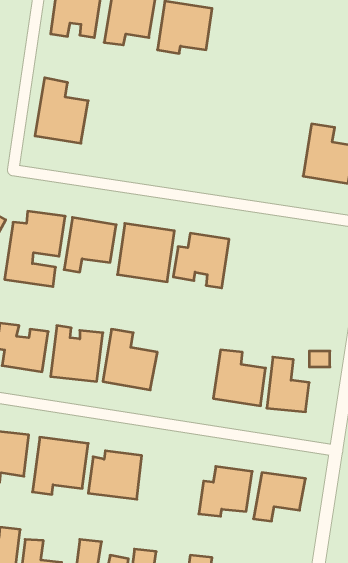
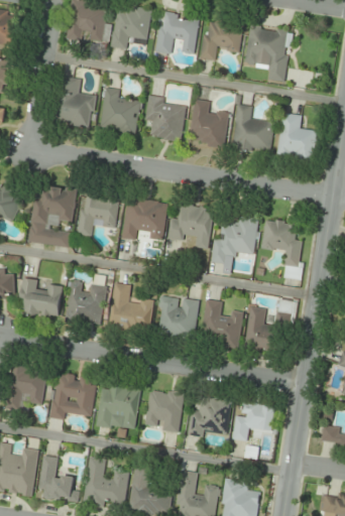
building: none -> [200,19,244,60]
building: none -> [244,24,294,82]
building: none -> [98,87,141,135]
building: none -> [143,95,186,142]
building: none -> [188,100,229,148]
building: none -> [231,104,274,154]
building: none -> [210,216,259,264]
building: none -> [261,218,302,281]
building: none -> [156,295,200,340]
building: none -> [145,389,185,432]

